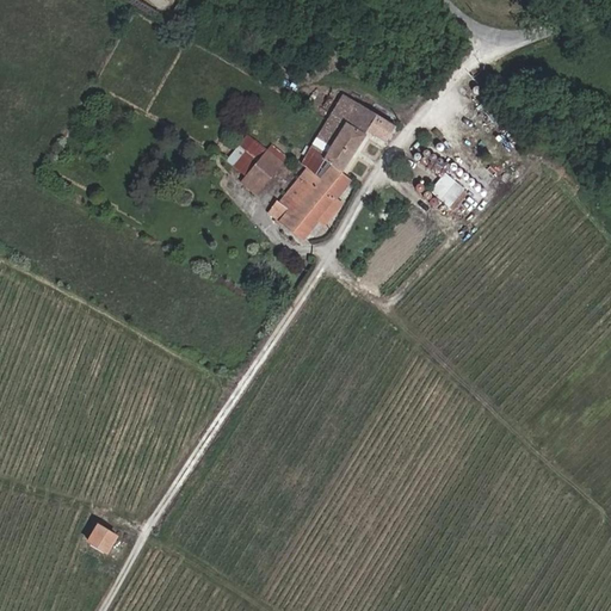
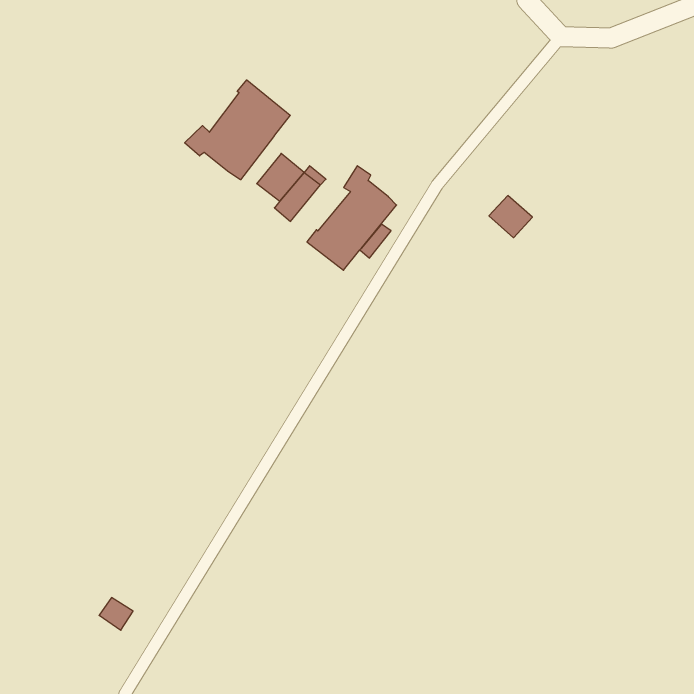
building: none -> [185,80,290,180]
building: [314,94,396,173] -> none

